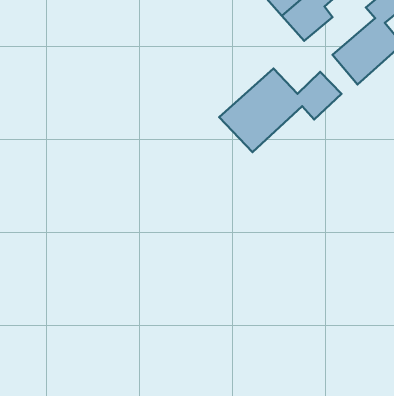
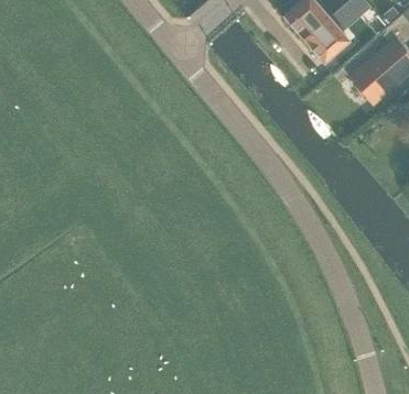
building: [219,69,342,152] -> none

